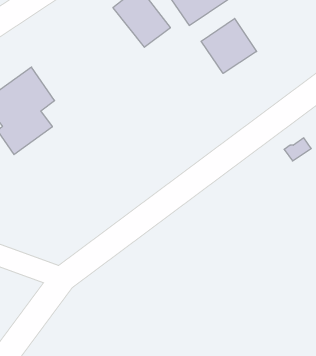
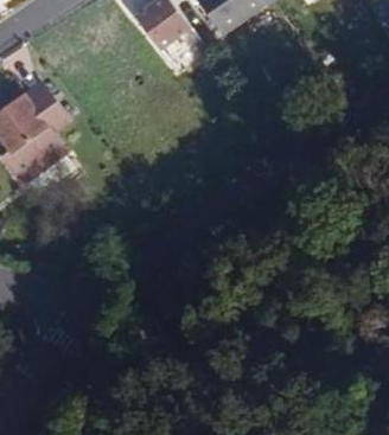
building: [201,18,257,73] -> none

